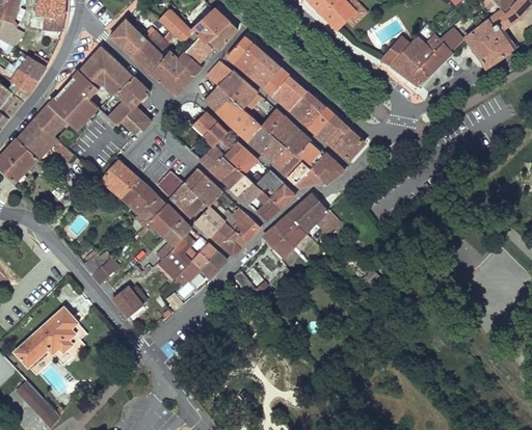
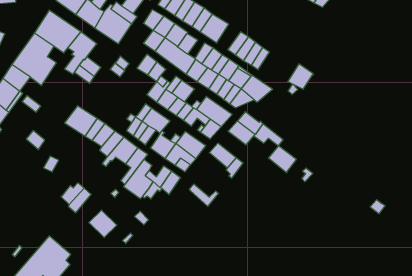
building: [289,90,318,119] -> none
building: [332,129,364,159] -> [288,64,314,89]
building: [274,214,307,246] -> [268,146,296,173]

